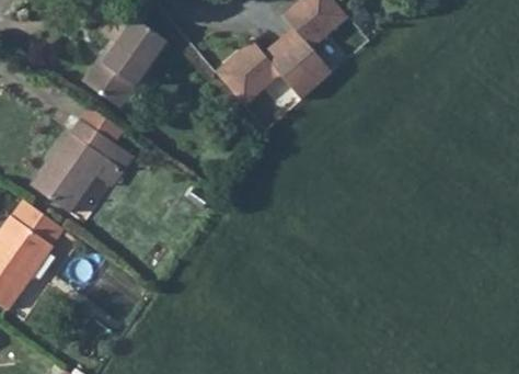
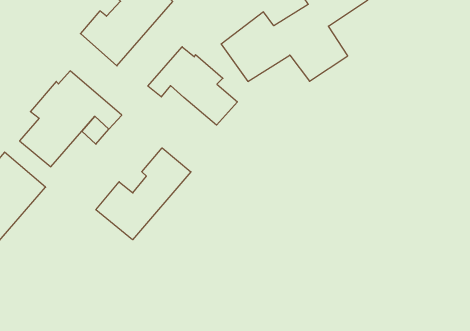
building: none -> [148,47,237,125]
building: none -> [96,148,191,240]

